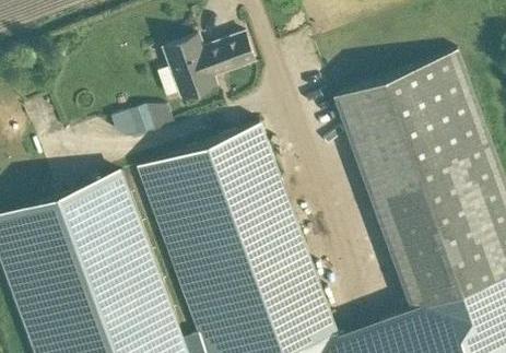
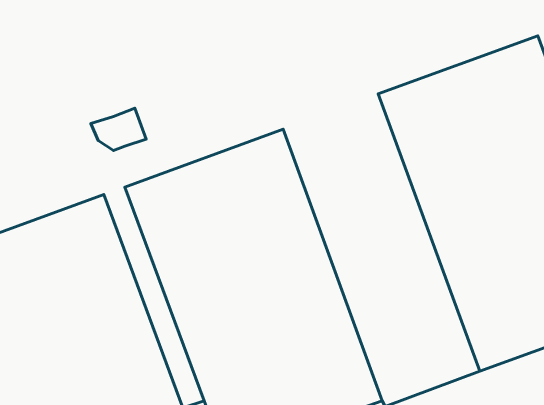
building: [157,35,255,98] -> none

